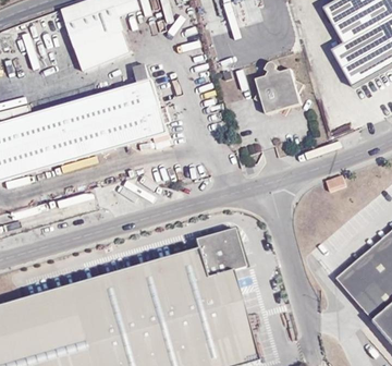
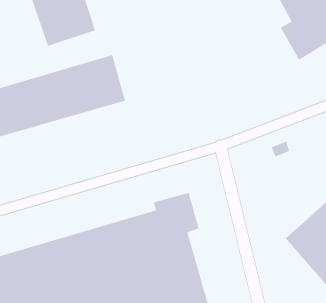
building: [254,65,302,114] -> none

